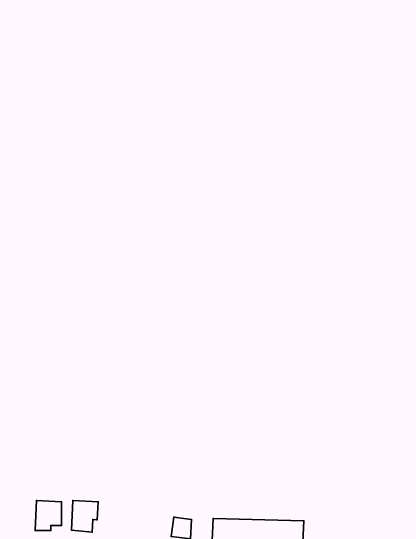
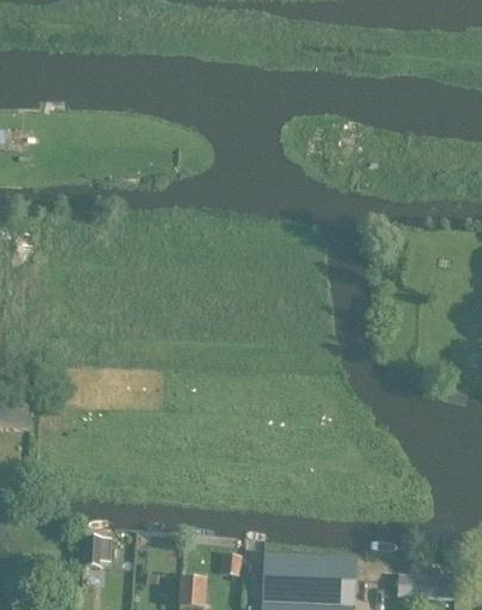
building: [72,501,98,532] -> none

